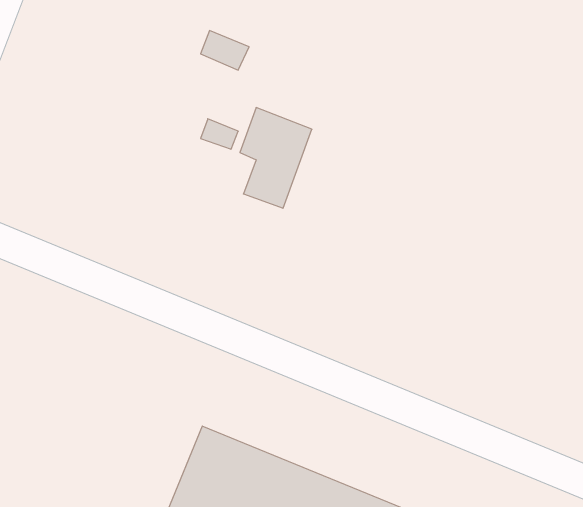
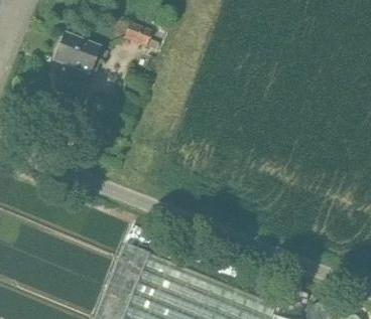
building: [240,108,312,208] -> [58,33,99,90]

